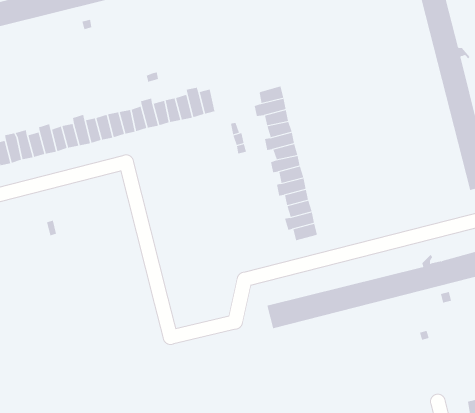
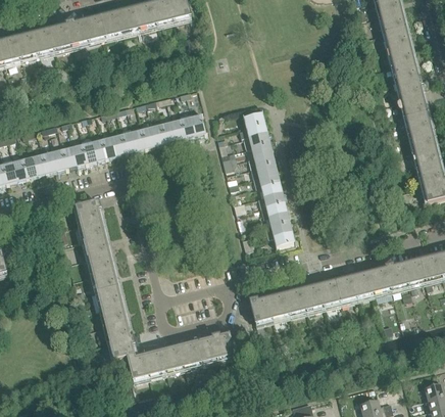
building: none -> [76,200,235,379]

